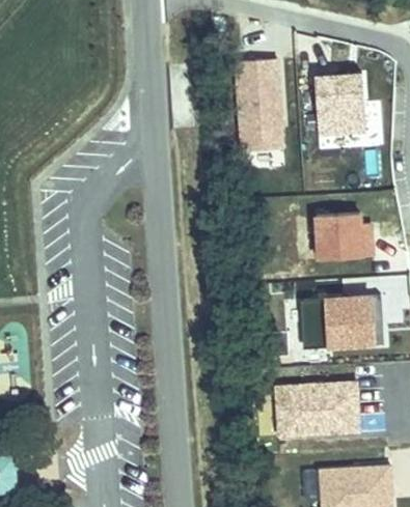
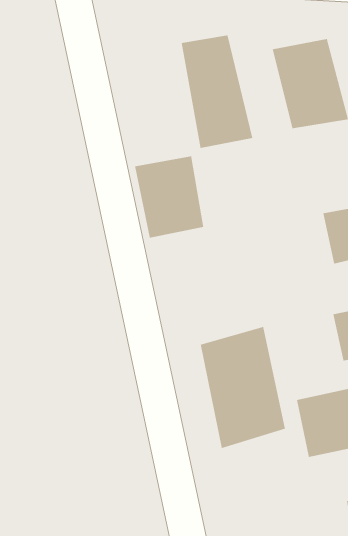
building: none -> [134,155,204,238]
building: none -> [200,326,285,449]

